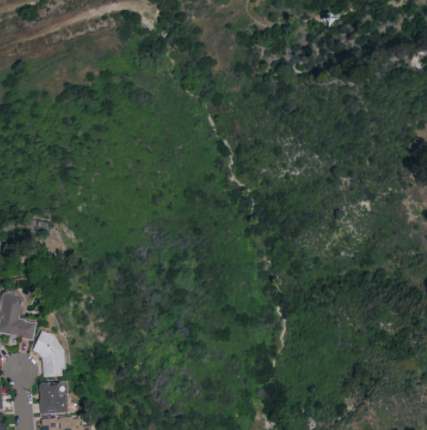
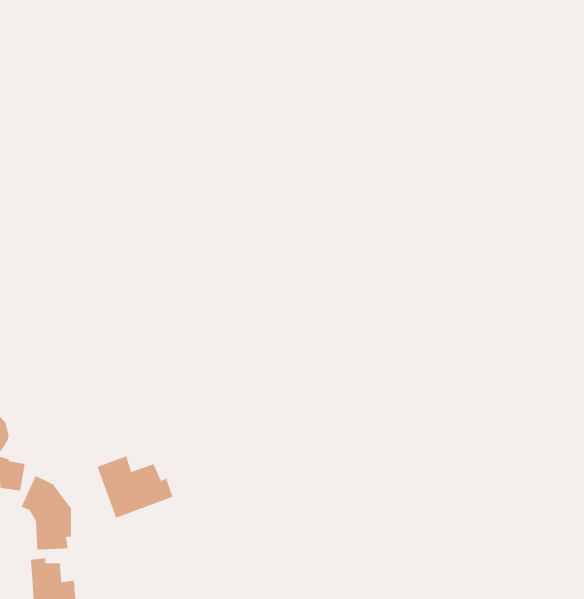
building: none -> [97,456,173,518]

